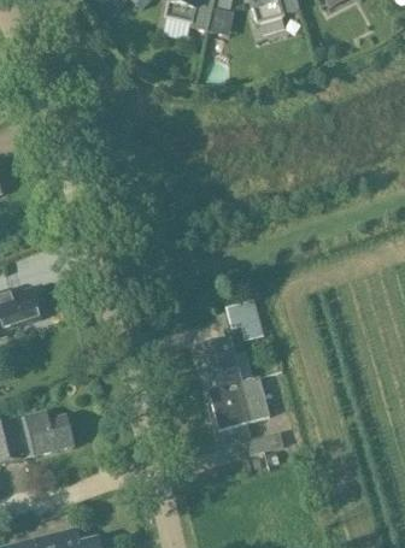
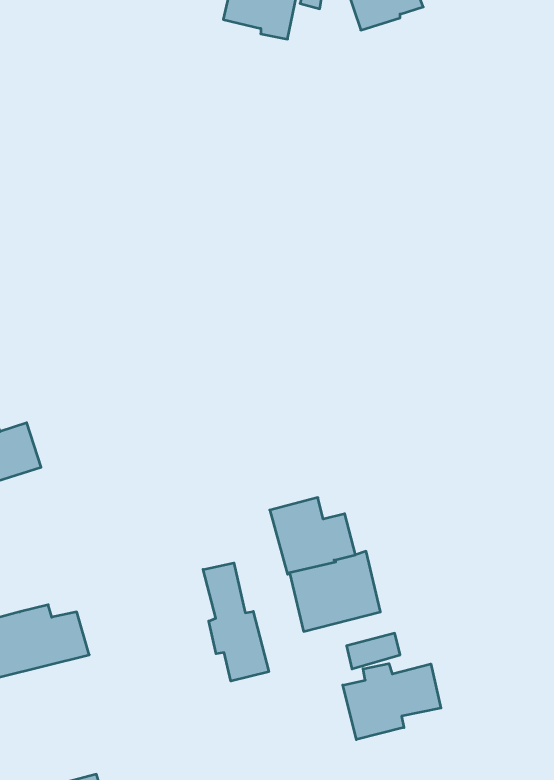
building: [225,300,264,341] -> none
building: none -> [203,563,269,681]
building: none -> [343,664,441,740]

